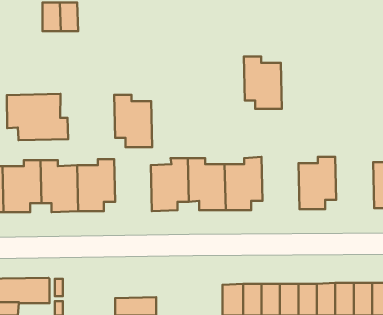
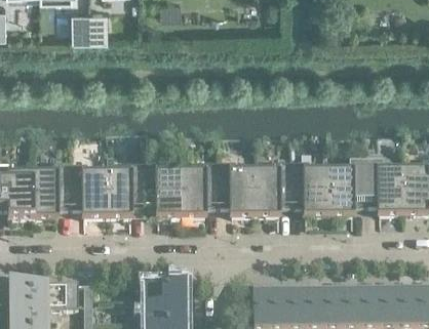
building: [244,57,282,109] -> [290,165,328,217]
building: [7,94,68,140] -> none
building: [114,95,152,147] -> [143,167,181,219]
building: none -> [364,165,403,217]
building: none -> [144,286,185,306]

